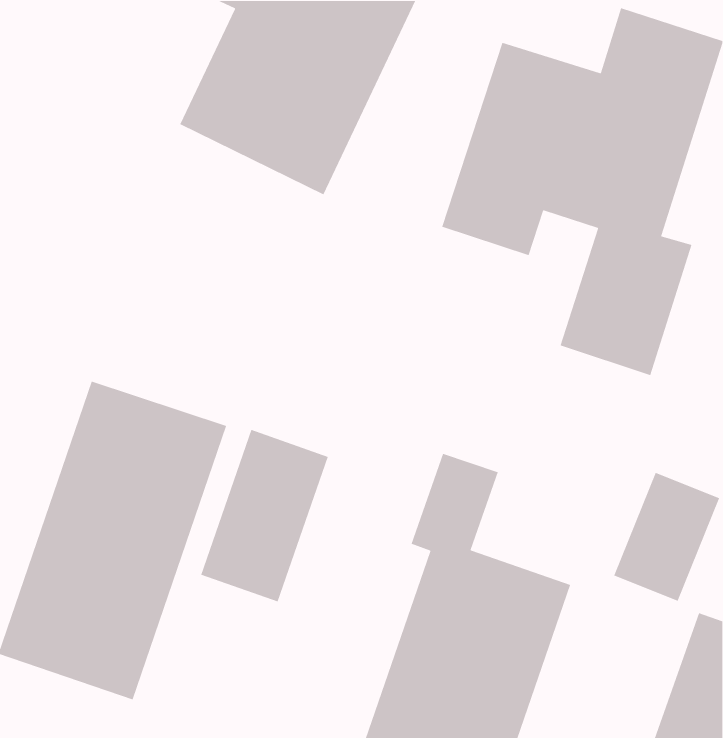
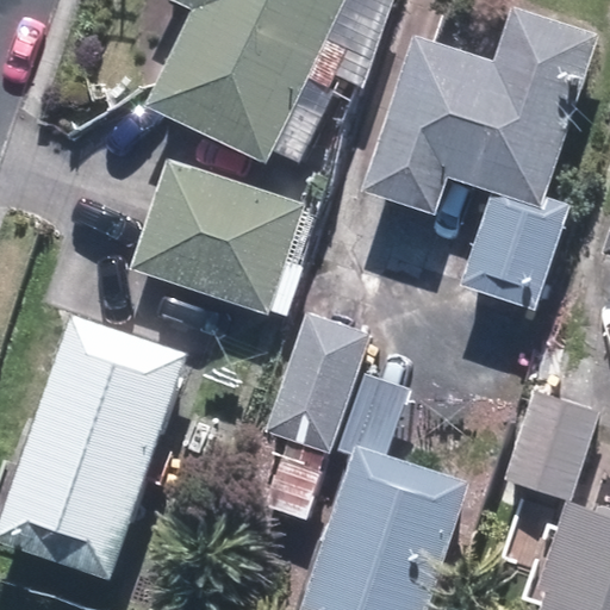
building: none -> [127,158,303,315]
building: [200,429,329,603] -> [262,312,368,455]

